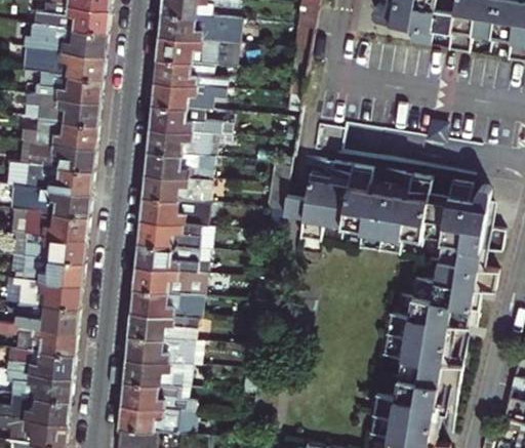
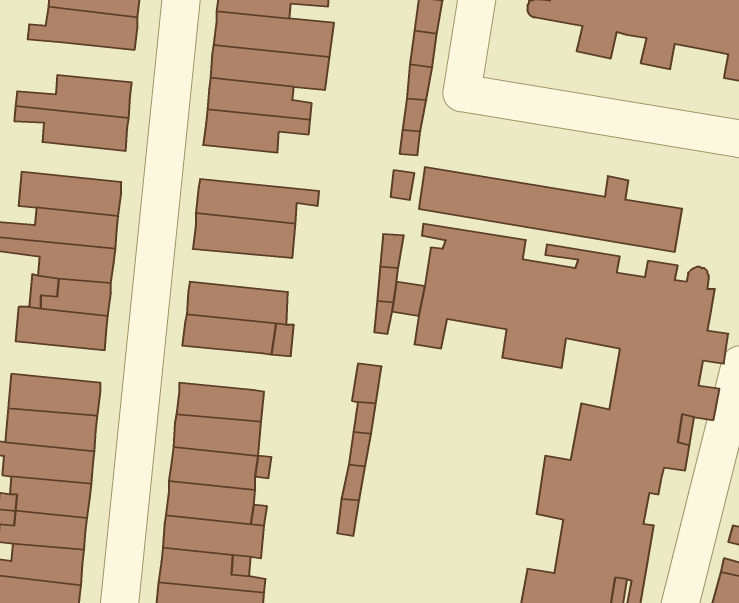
building: [45,33,104,60] -> none
building: [26,101,97,129] -> none
building: [149,104,233,135] -> none
building: [142,175,212,205] -> none
building: [18,239,83,268] -> none
building: [134,242,192,273] -> none

